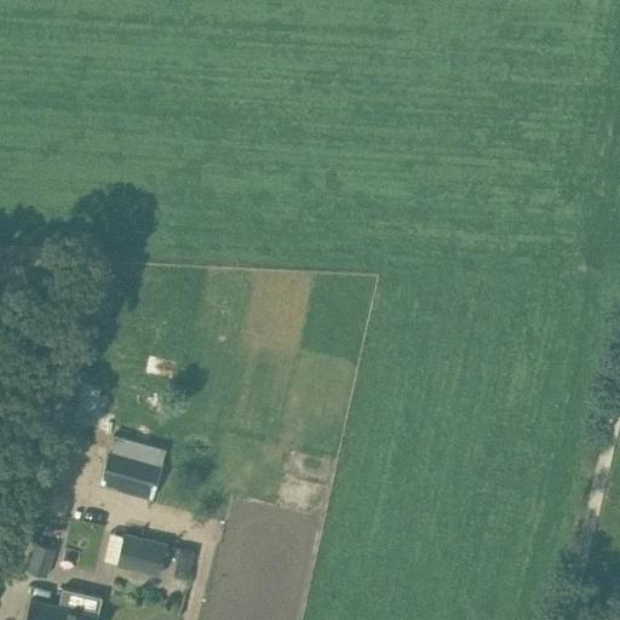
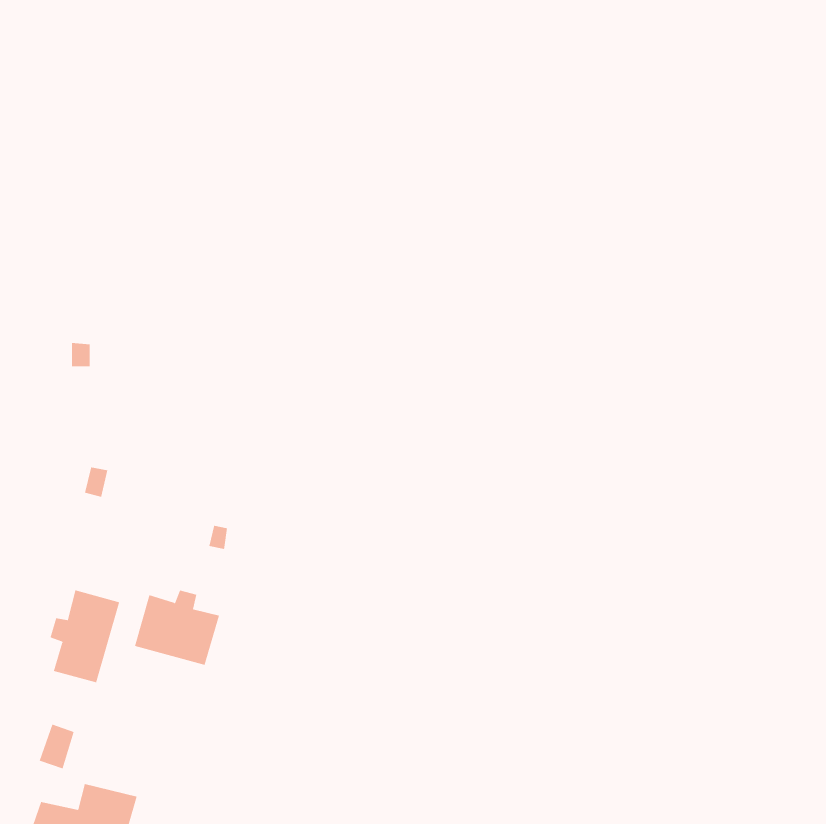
building: none -> [50,589,120,683]
building: [117,533,170,576] -> none

